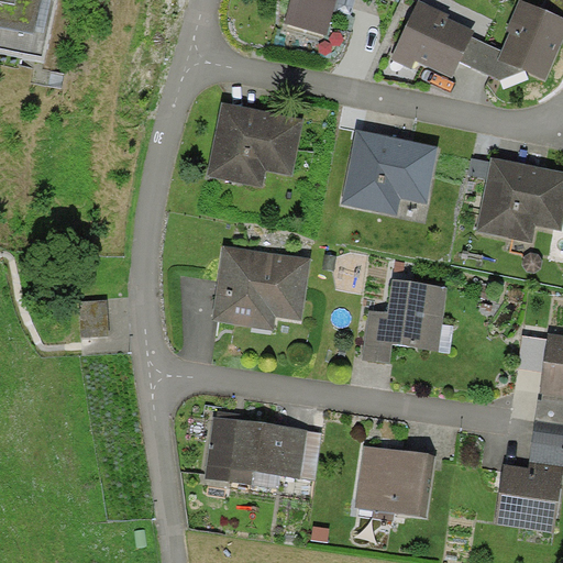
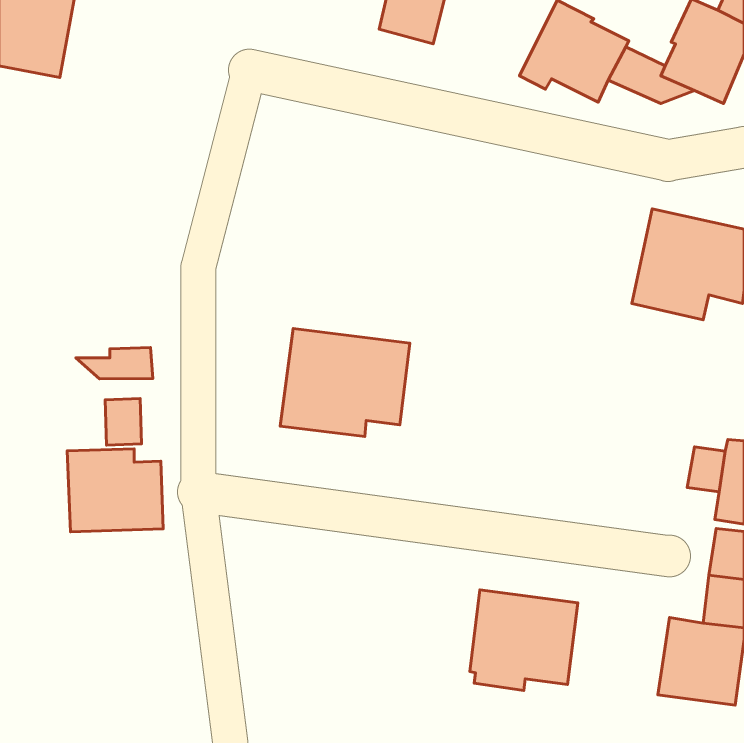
building: [206,103,305,189] -> none
building: [342,131,439,213] -> none
building: none -> [76,347,153,379]
building: [362,279,446,363] -> none
building: none -> [67,449,163,532]
building: [205,417,320,483] -> none

